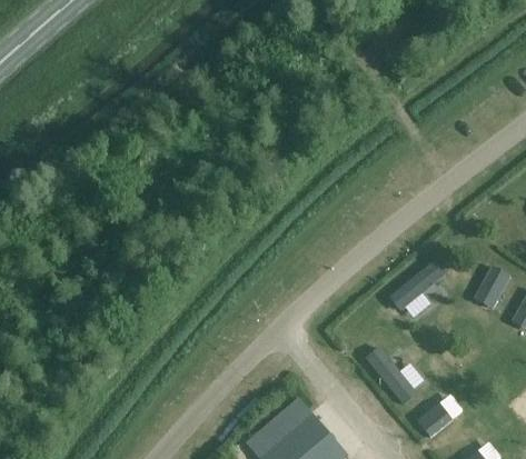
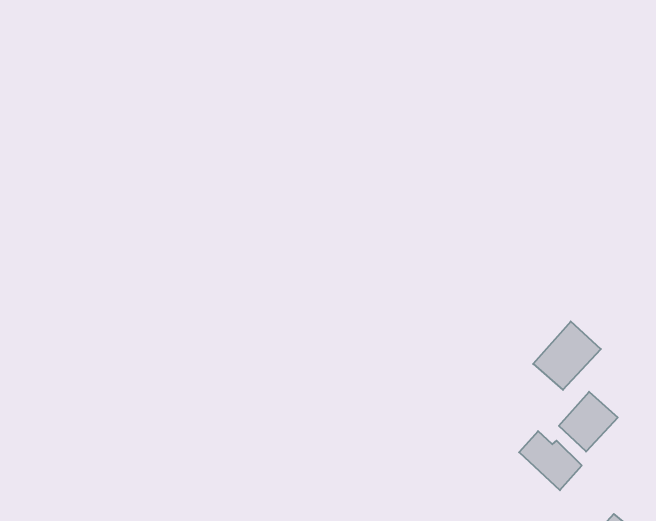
building: none -> [559,392,618,452]

